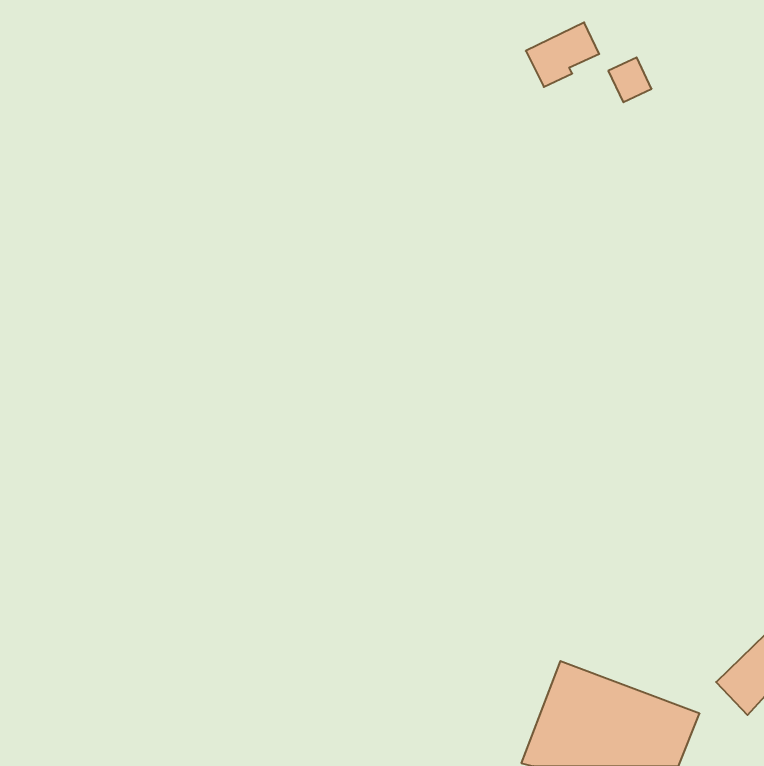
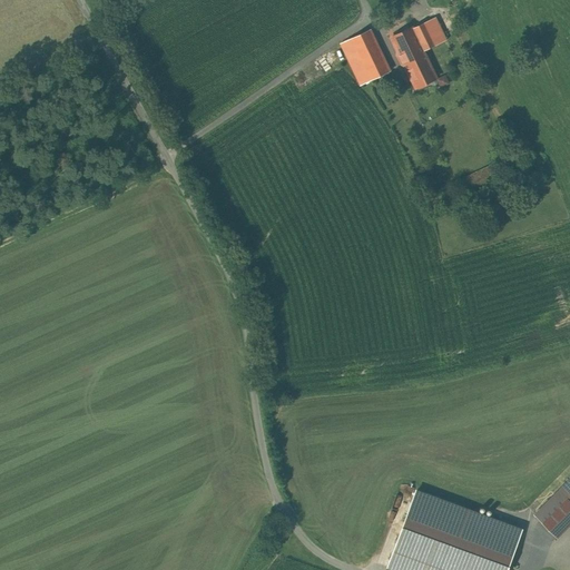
building: none -> [343,30,391,85]
building: [608,57,652,102] -> [405,55,438,88]

